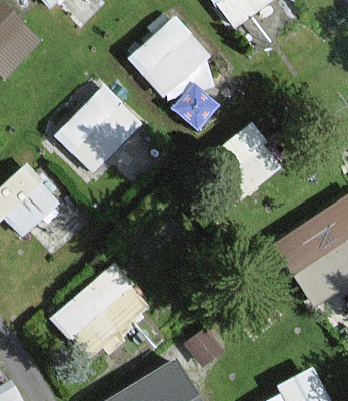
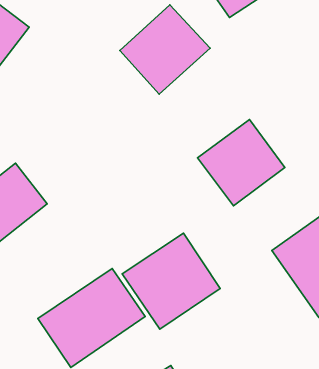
building: [53,86,142,173] -> none
building: none -> [122,233,220,329]

